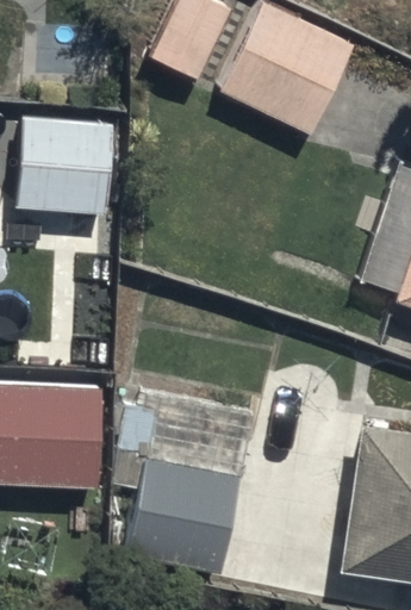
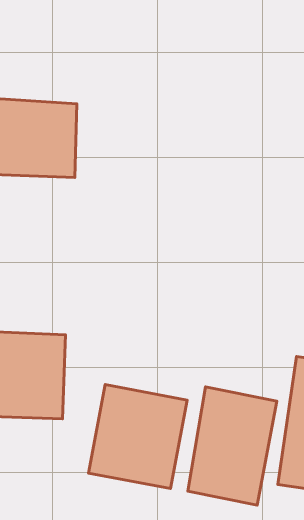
building: [226,15,359,149] -> none
building: none -> [188,387,277,505]

